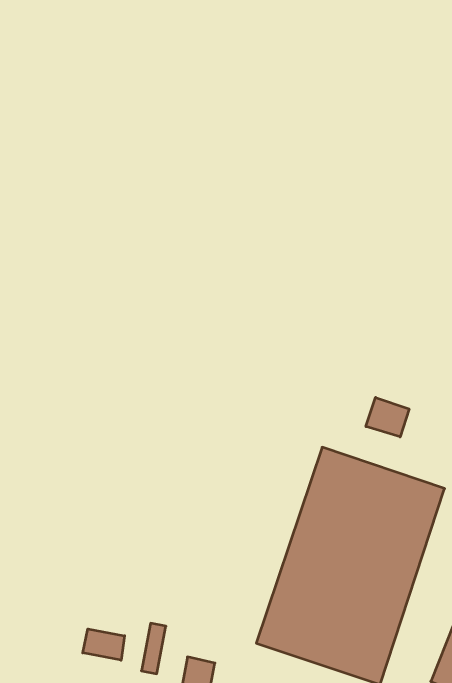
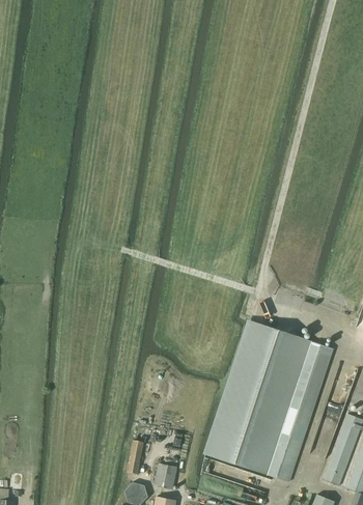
building: [366,397,409,437] -> none
building: [83,629,125,660] -> none

